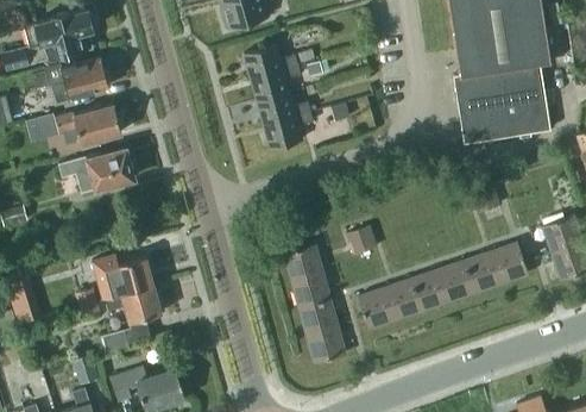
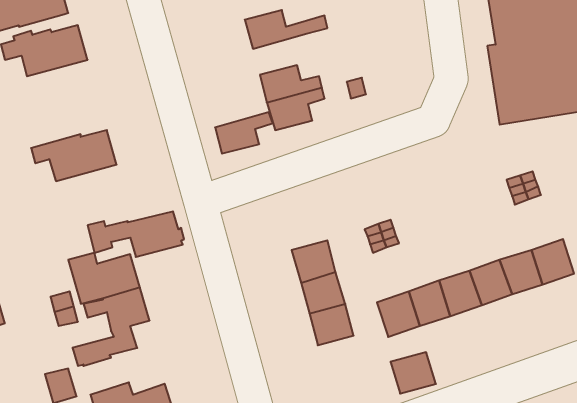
building: [251,65,301,101] -> [215,112,273,154]
building: [39,105,122,144] -> [88,211,184,257]
building: [307,326,346,362] -> [390,352,436,394]

